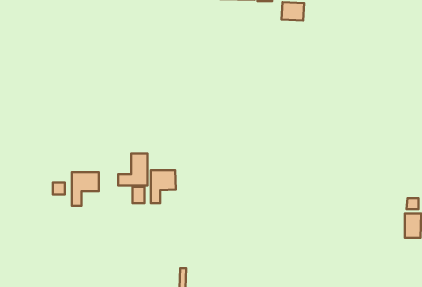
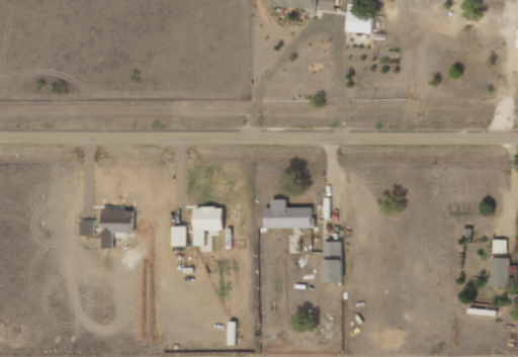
building: [118,153,148,186] -> none
building: none -> [264,199,312,229]
building: none -> [323,242,342,282]

